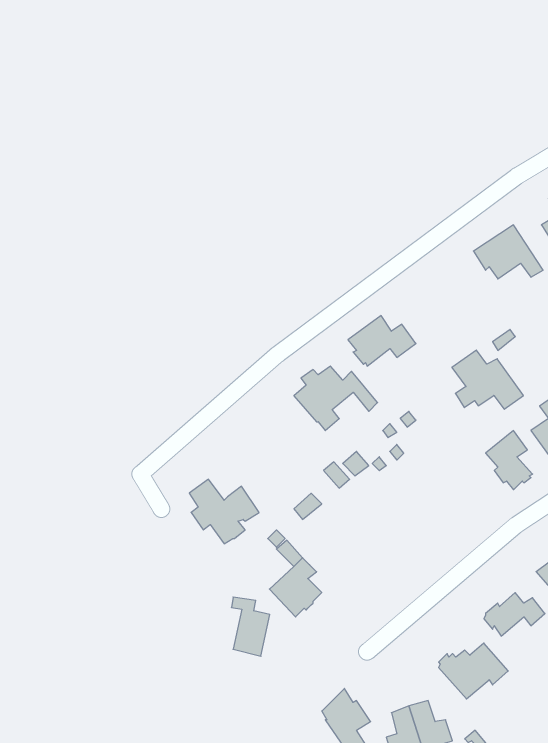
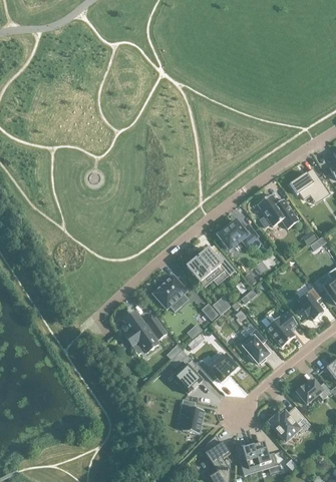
building: [452,350,523,409] -> [257,193,298,227]
building: none -> [151,274,187,310]
building: none -> [265,312,296,346]
building: none -> [239,322,268,364]
building: none -> [195,354,236,381]
building: [231,597,270,656] -> [181,399,203,433]

